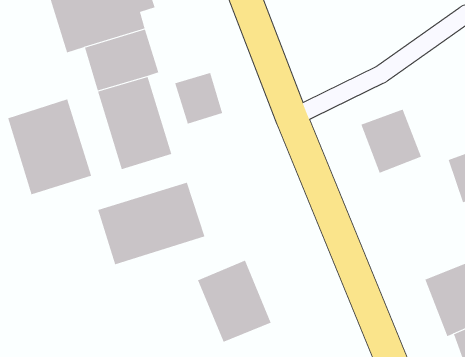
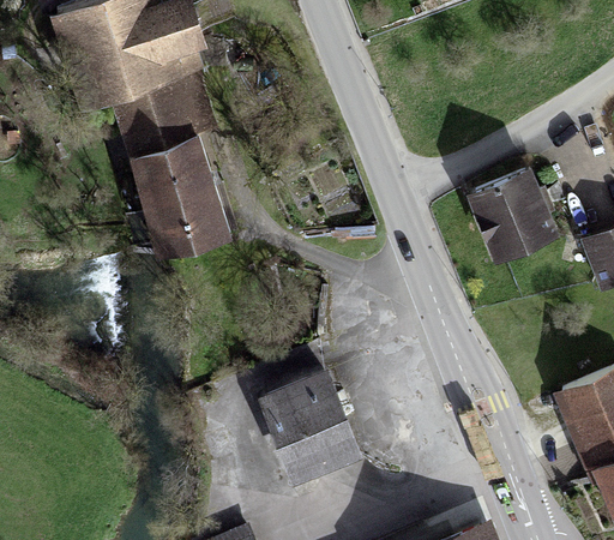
building: [175,72,223,125] -> none
building: [7,98,92,195] -> none
building: [97,182,205,265] -> none

